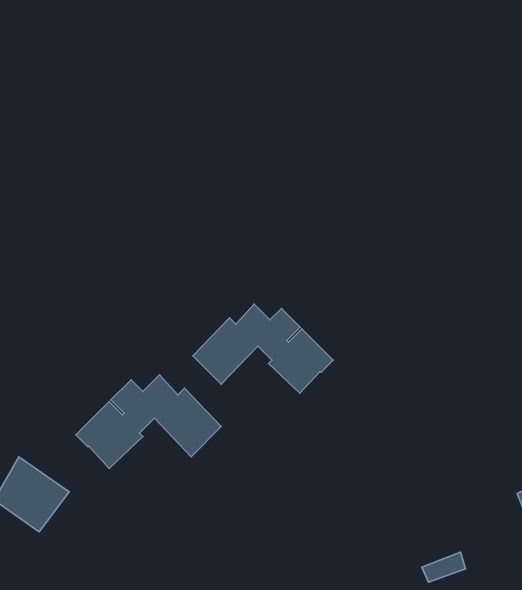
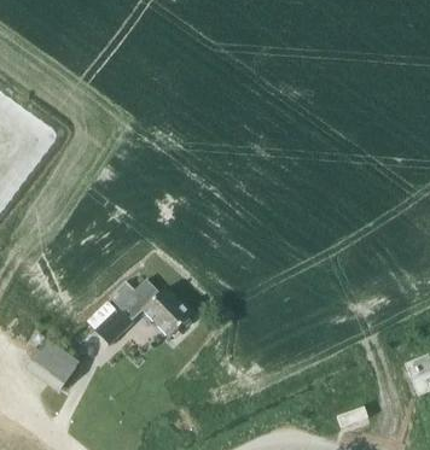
building: [193,304,333,393] -> none

